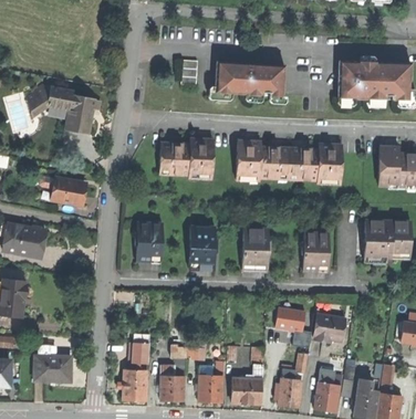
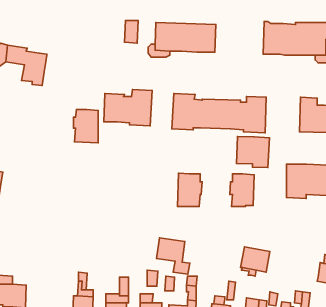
building: [52,177,84,205] -> none
building: none -> [237,136,269,167]
building: [135,222,163,260] -> [74,109,98,143]
building: [189,229,218,266] -> none
building: [273,303,311,344] -> [156,238,190,274]

